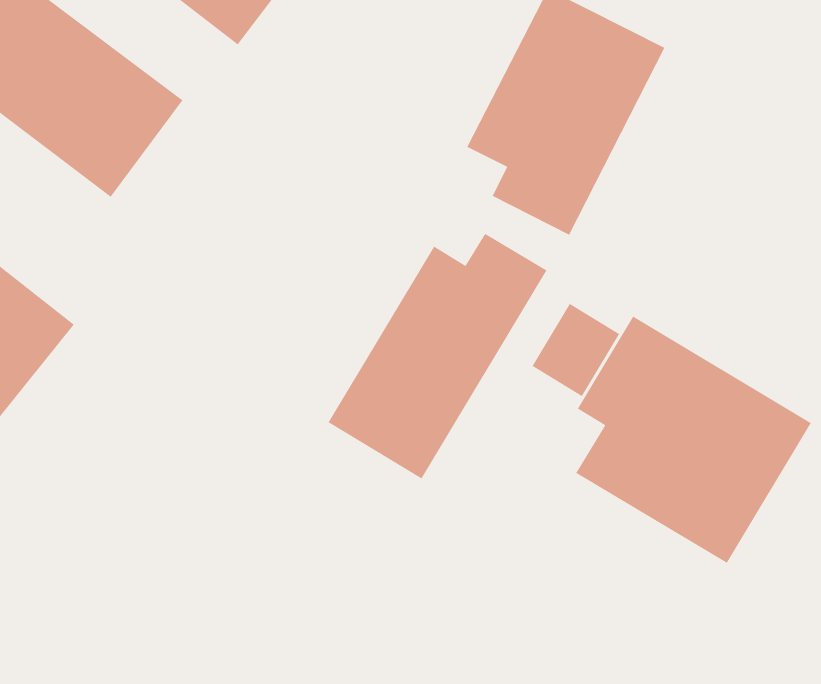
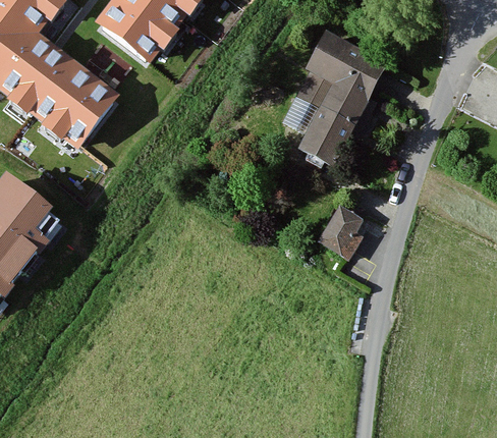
building: [328,233,547,479] -> none
building: [575,315,812,564] -> none

